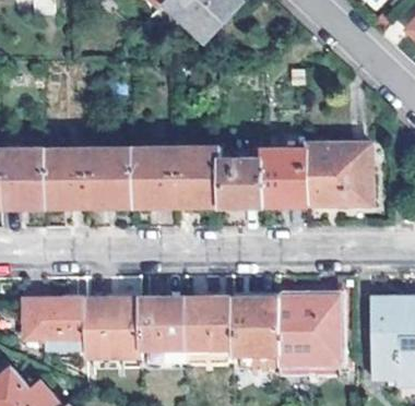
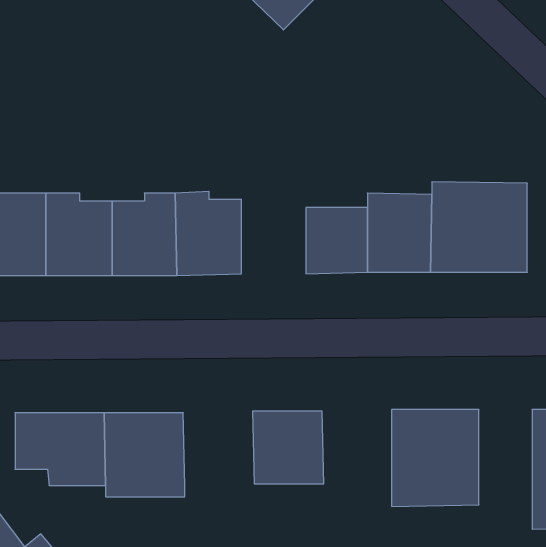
building: [176,150,220,205] -> none
building: [230,297,277,353] -> none
building: [137,298,185,348] -> none

